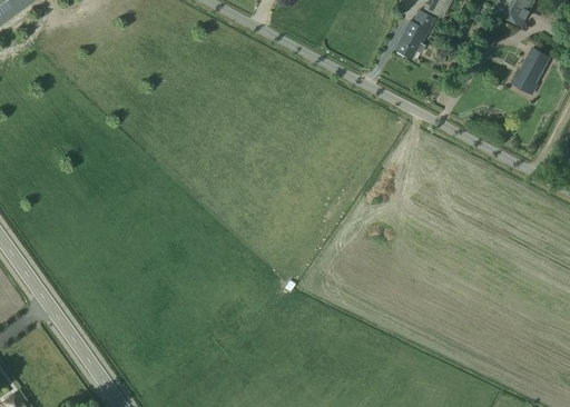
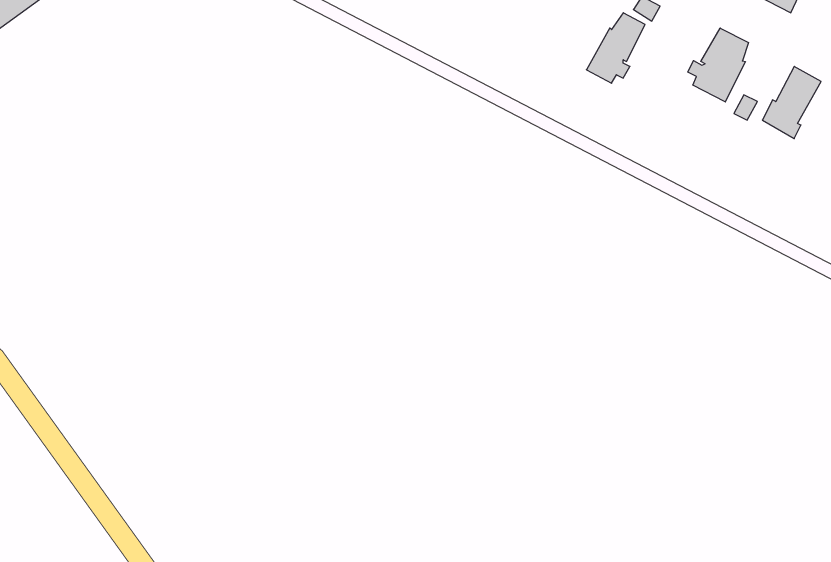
building: none -> [688,28,749,102]

